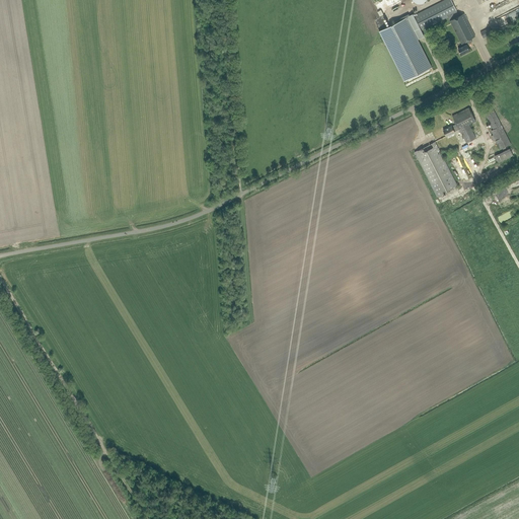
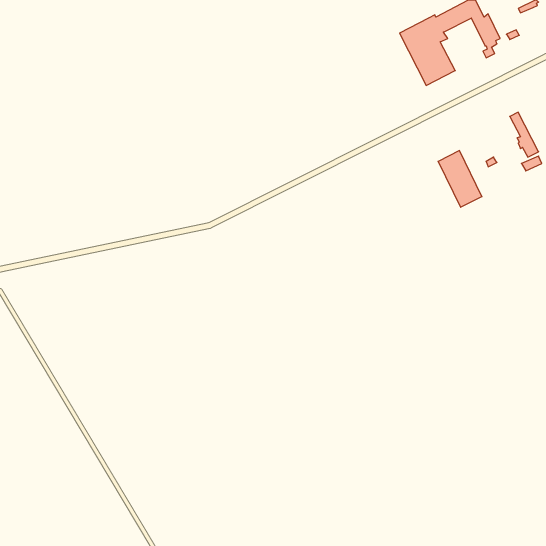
building: [444,107,477,143] -> none

